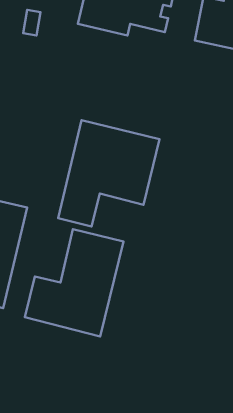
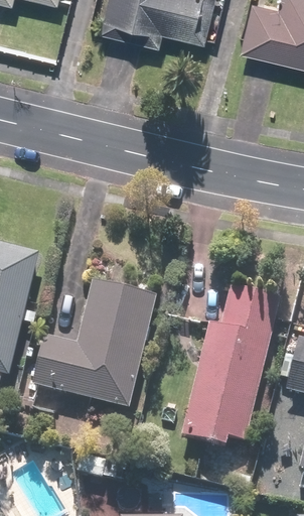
building: [58,120,159,226] -> none
building: none -> [185,286,280,442]

